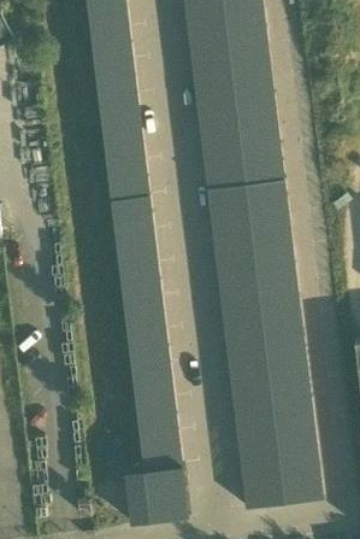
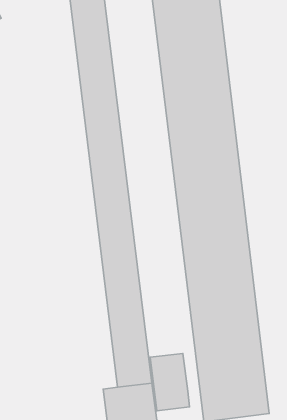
building: none -> [150,353,189,411]

